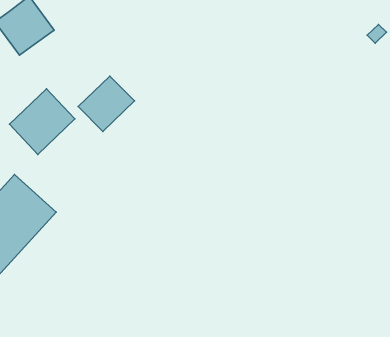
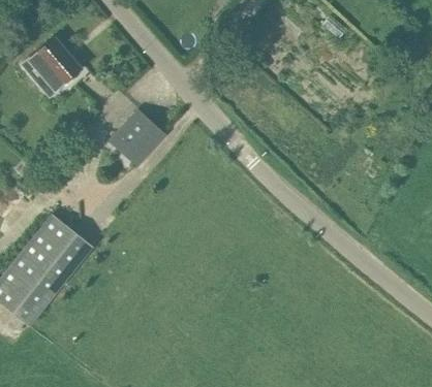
building: [9,89,75,154] -> none

